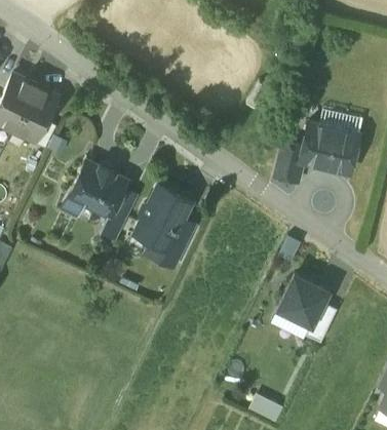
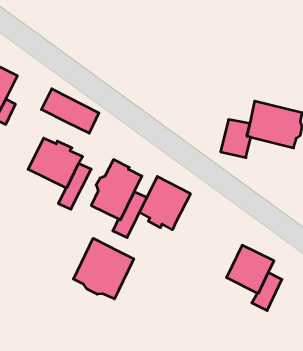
building: none -> [41,89,99,133]
building: none -> [140,176,190,230]
building: none -> [73,238,134,299]

